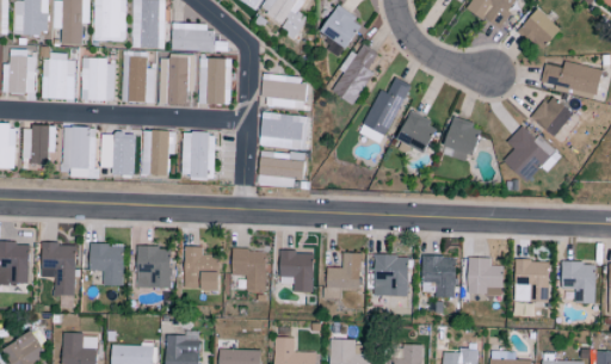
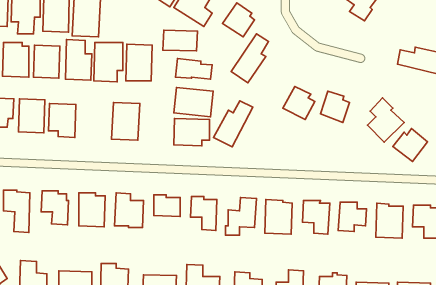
building: [517,8,561,53] -> none
building: [169,24,214,50] -> [163,30,198,51]
building: [362,78,412,136] -> [213,101,253,147]
building: [530,95,574,137] -> [393,129,428,161]
building: [140,130,174,175] -> none

